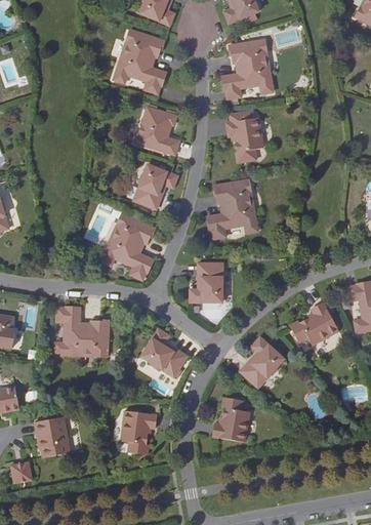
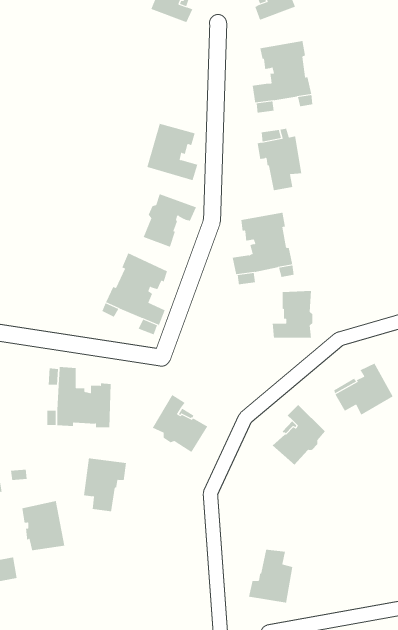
building: [112,29,165,93] -> none
building: [190,262,223,301] -> [272,290,313,338]
building: [212,398,249,442] -> [248,549,293,603]
building: [120,409,156,453] -> [83,458,127,512]

